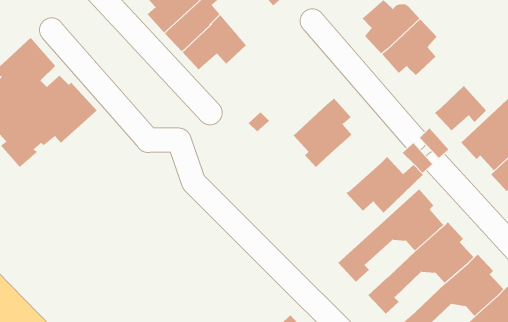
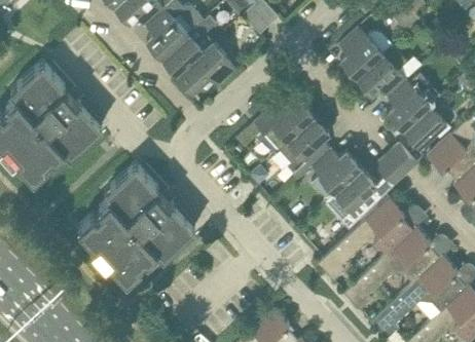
building: none -> [388,73,431,130]
building: none -> [254,98,315,151]
building: none -> [312,150,362,200]
building: none -> [78,164,195,281]

